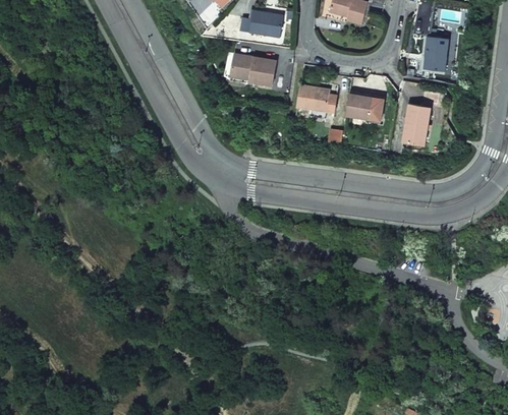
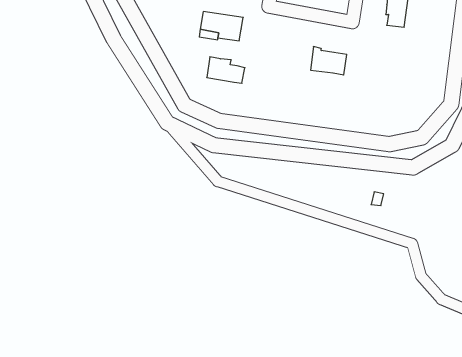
building: [297,84,337,112] -> [207,57,245,83]
building: [401,103,429,142] -> none

